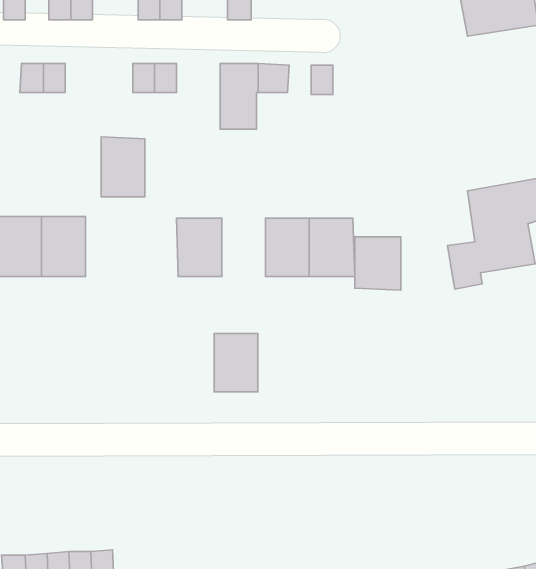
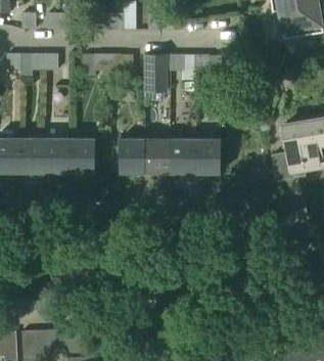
building: [101,137,145,197] -> [68,140,93,174]
building: [355,237,401,290] -> none
building: [214,334,258,392] -> [145,141,170,174]

